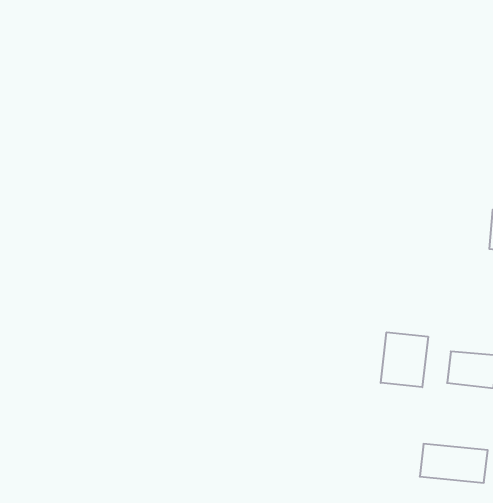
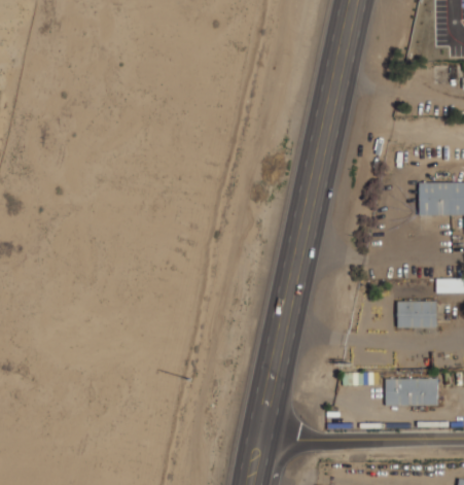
building: [381,332,428,387] -> none

